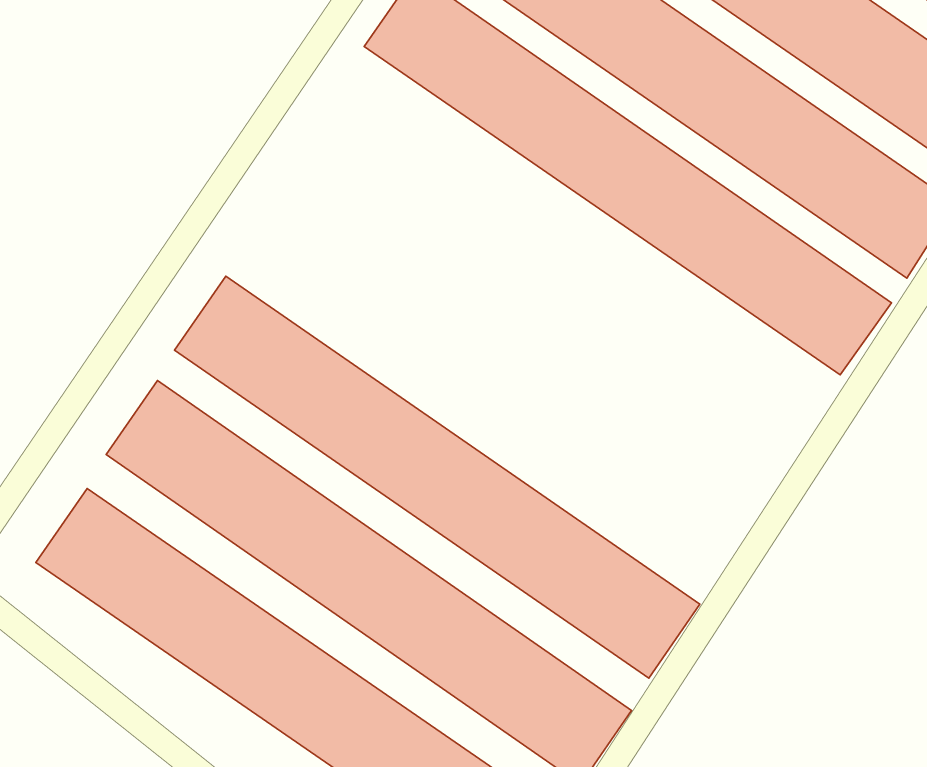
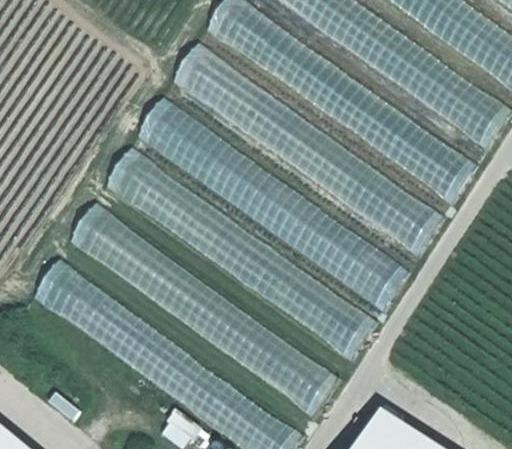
building: none -> [168,42,445,254]
building: none -> [133,96,411,308]

